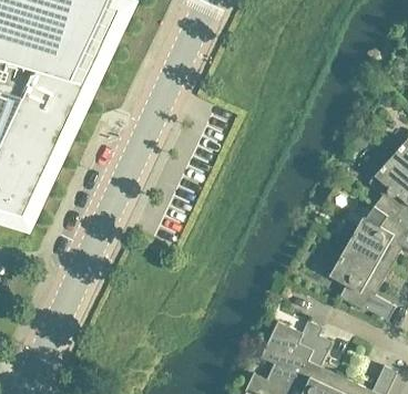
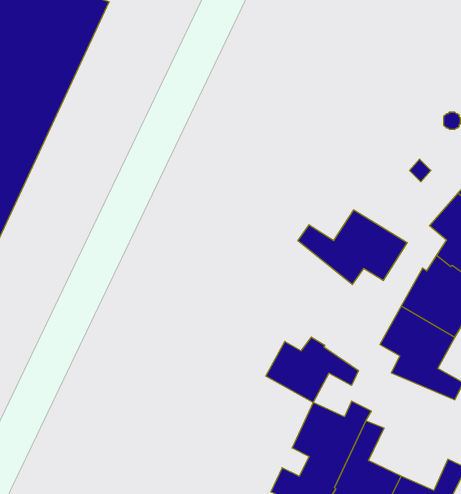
building: none -> [298,210,407,285]
building: none -> [266,337,358,403]

